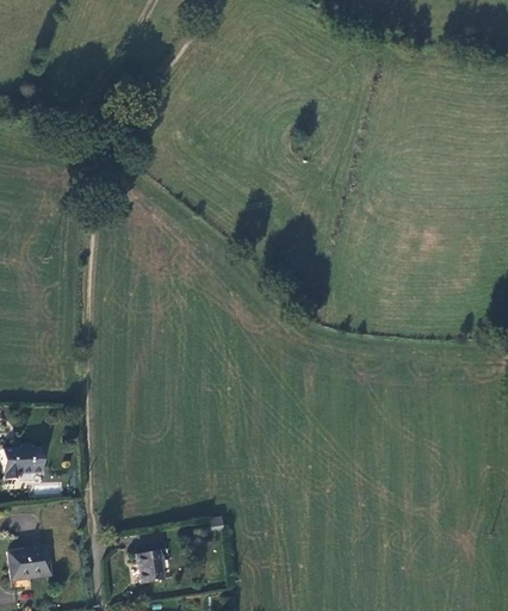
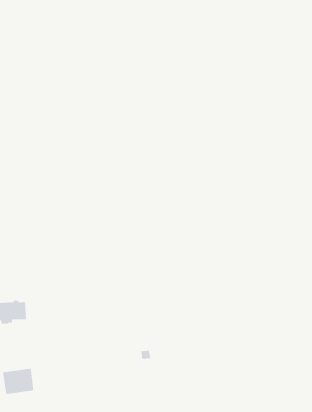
building: [135,549,165,584] -> none

